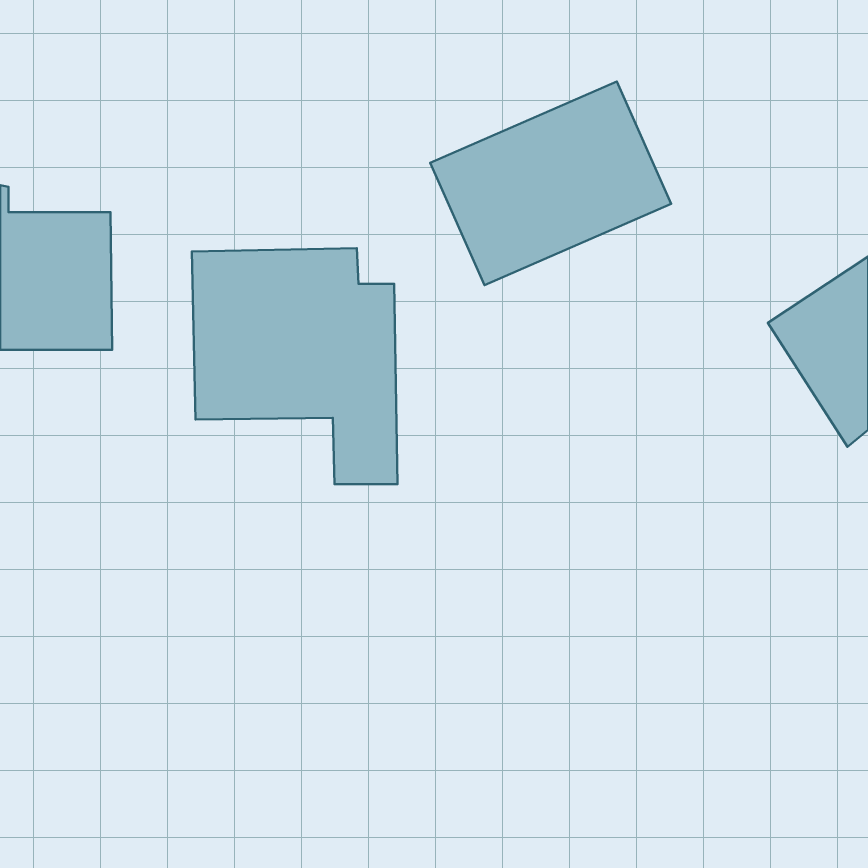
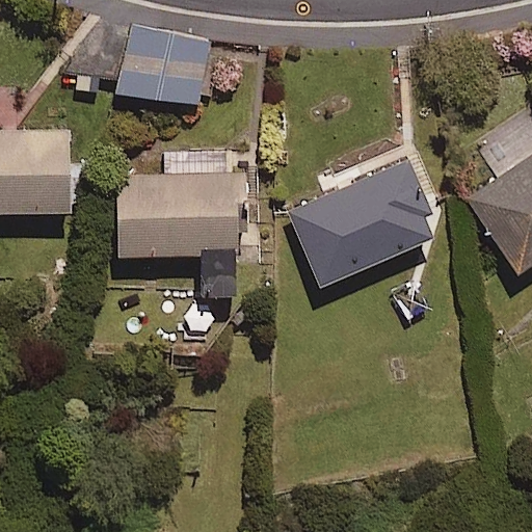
building: none -> [119,27,210,106]
building: [430,81,671,285] -> [289,162,436,287]

